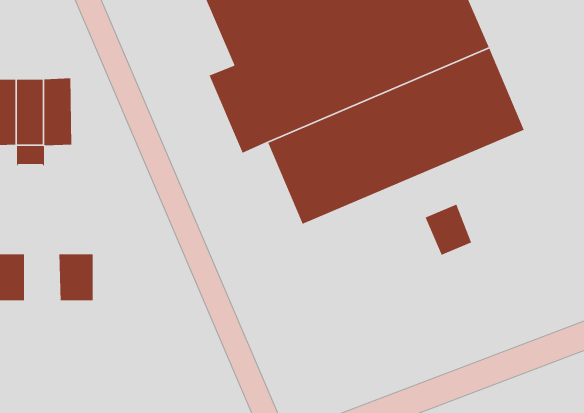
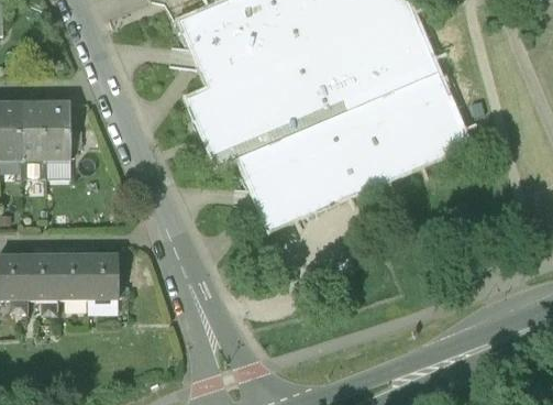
building: [424,203,472,256] -> none
building: none -> [26,255,57,297]
building: none -> [87,255,118,297]

